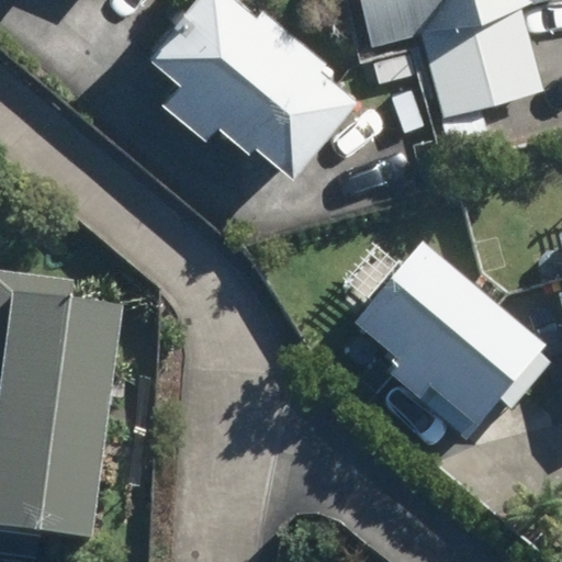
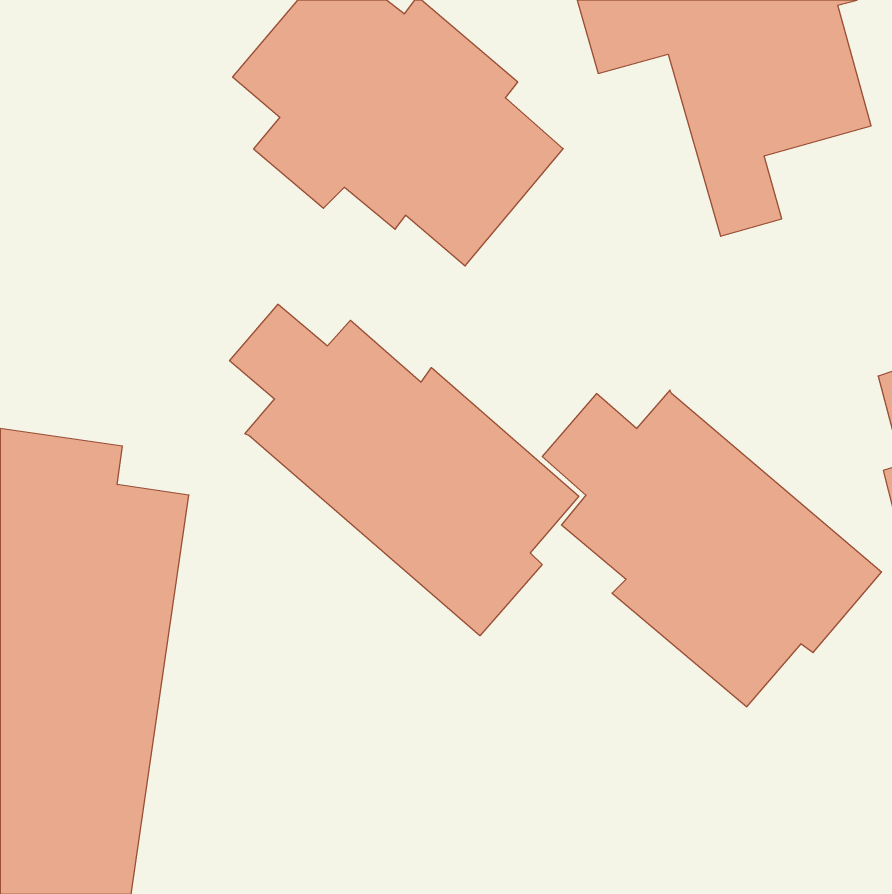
building: none -> [230,304,579,636]

